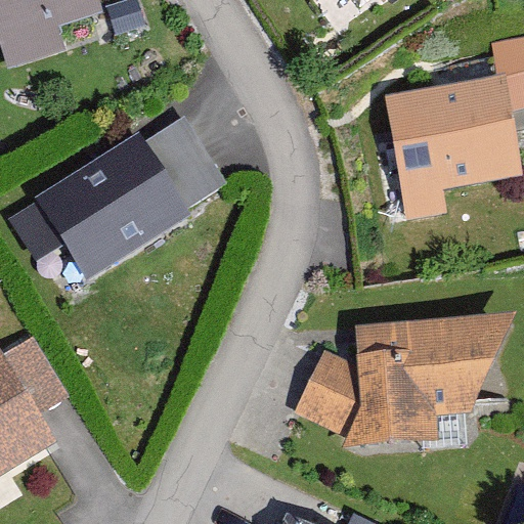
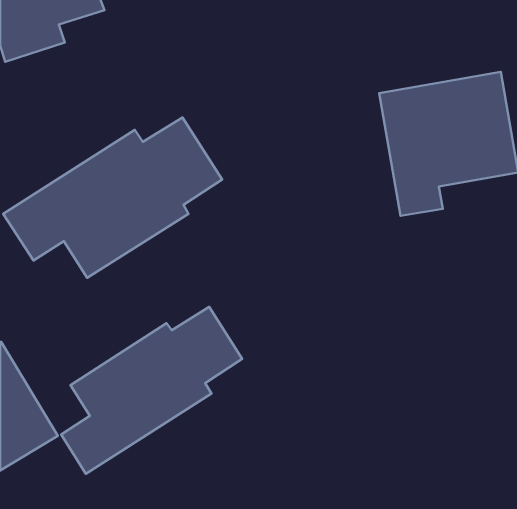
building: none -> [61,307,242,474]
building: [295,316,516,447] -> none

